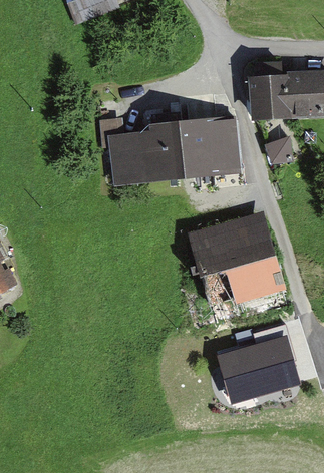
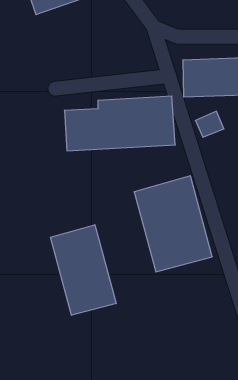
building: none -> [50,225,116,315]
building: [218,336,297,403] -> none

